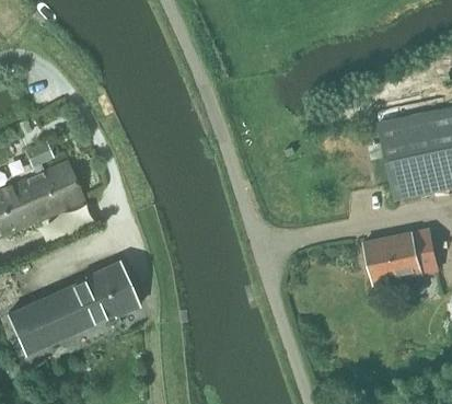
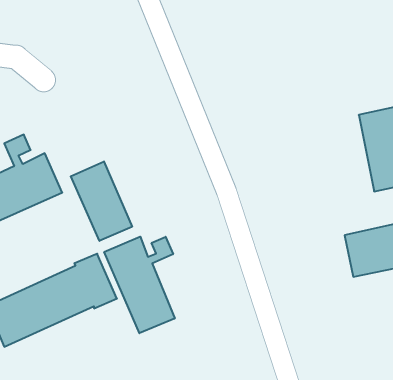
building: none -> [71,161,132,241]
building: none -> [104,237,175,333]

